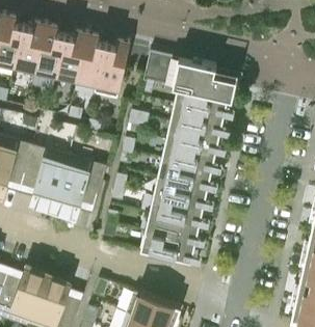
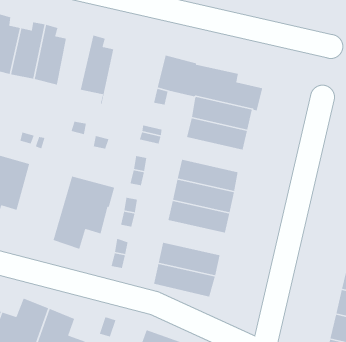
building: [56,29,87,80] -> none
building: [96,38,130,98] -> none
building: [165,121,219,152] -> none
building: [21,144,69,212] -> none
building: [149,194,204,224] -> none

